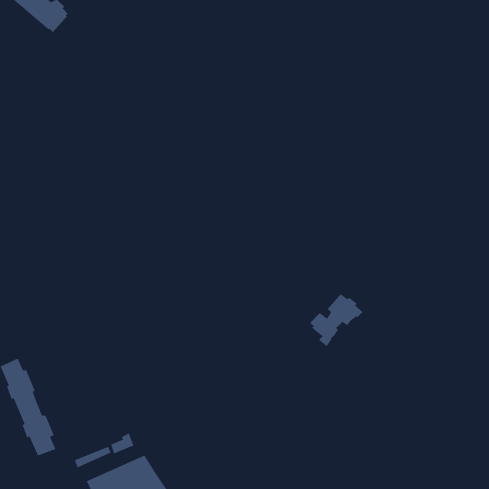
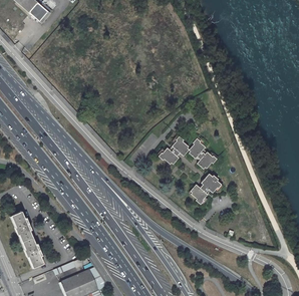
building: none -> [158,135,217,169]

